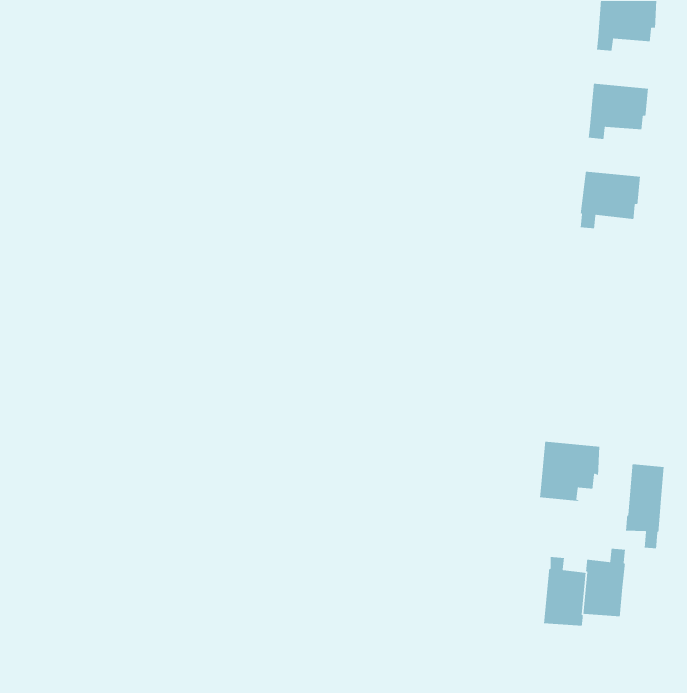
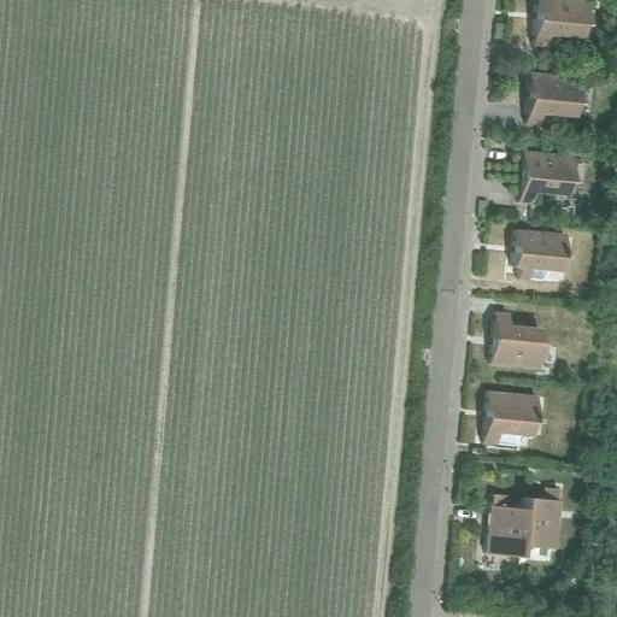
building: none -> [515,230,568,281]
building: none -> [492,313,545,368]
building: [625,463,664,549] -> none

